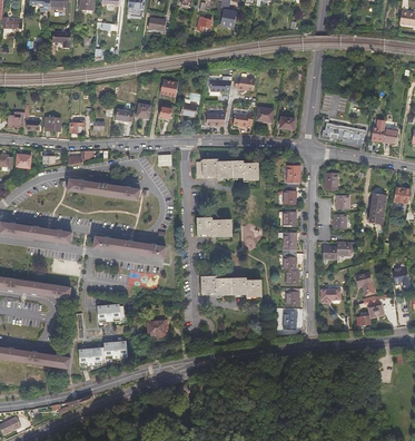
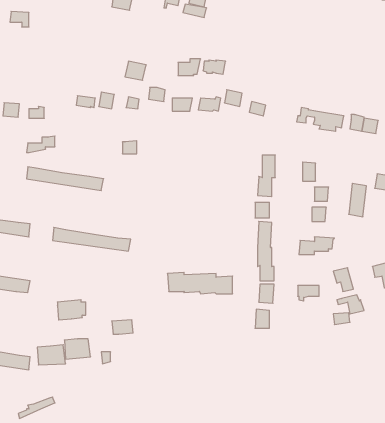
building: [196,157,258,178] -> none
building: [196,217,231,237] -> none

